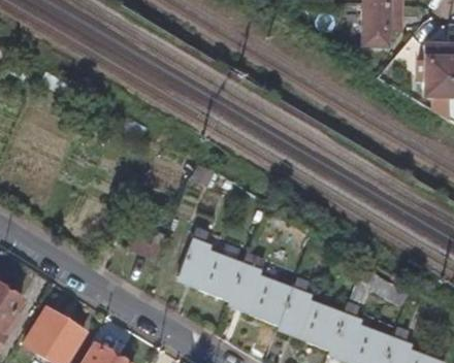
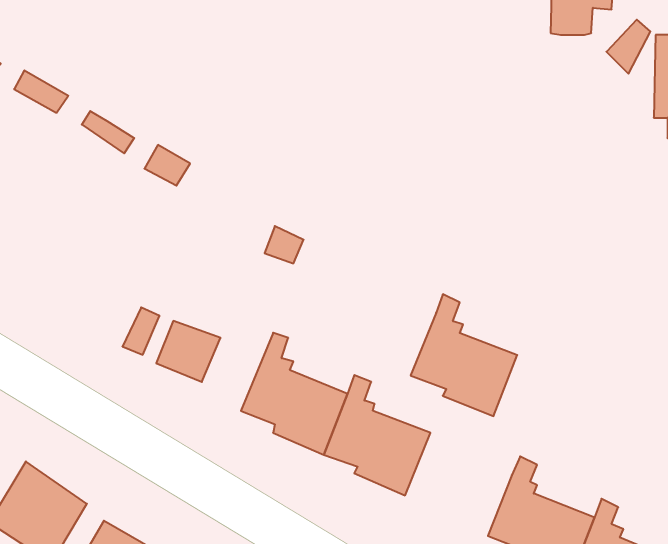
building: [277,276,342,351] -> [411,294,517,416]

